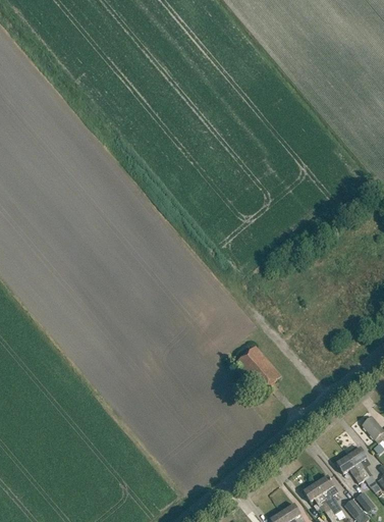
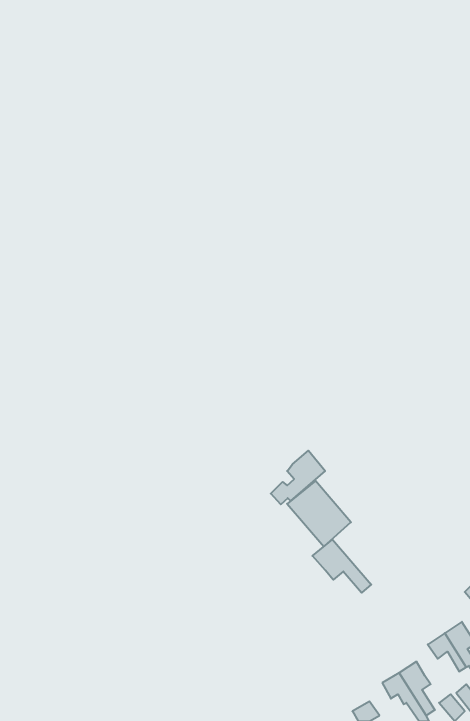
building: none -> [271,451,325,504]
building: none -> [312,539,371,593]

